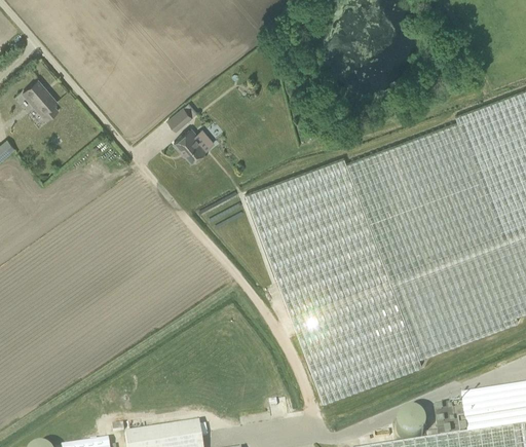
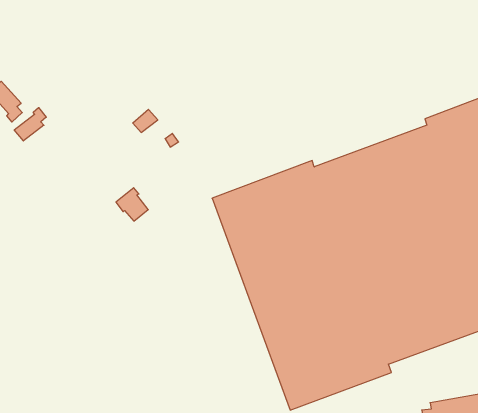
building: none -> [14,108,46,141]
building: [174,129,205,162] -> [116,188,148,221]

